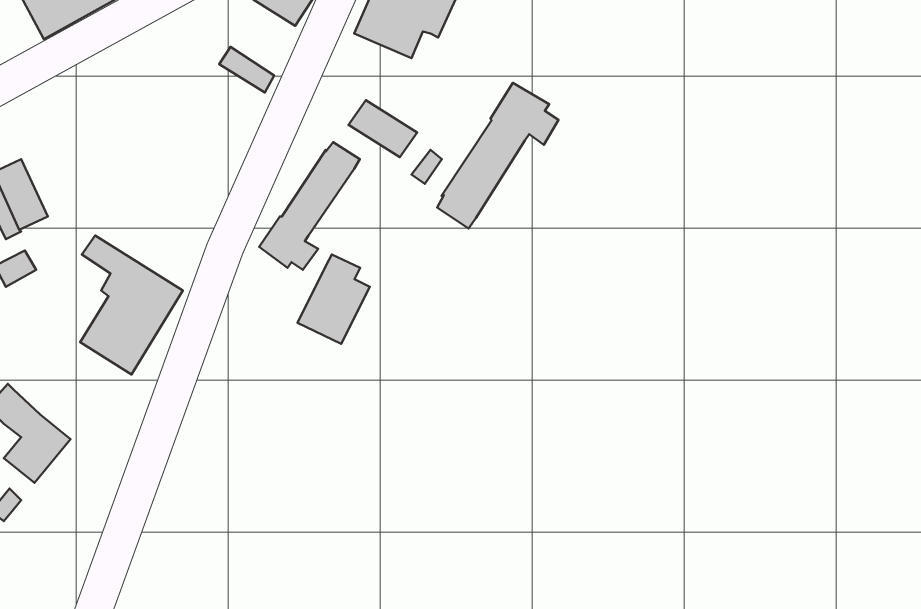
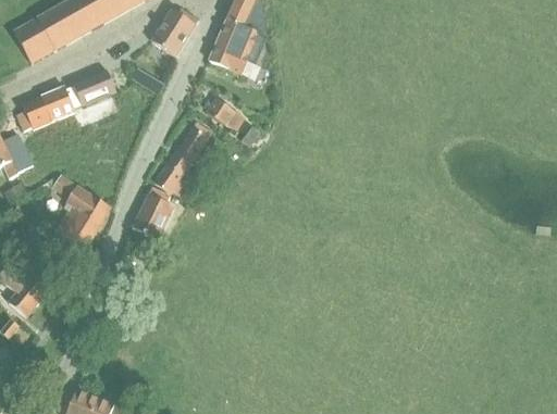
building: none -> [16,68,115,129]
building: [437,83,559,228] -> none
building: [297,254,370,344] -> [132,188,173,239]

